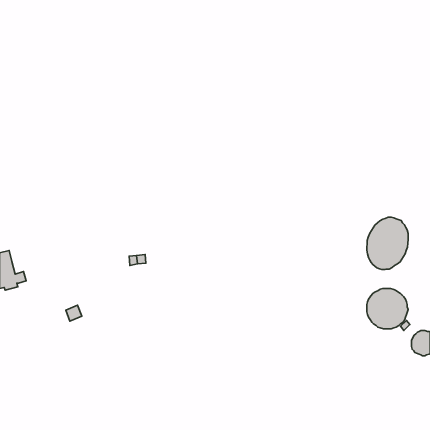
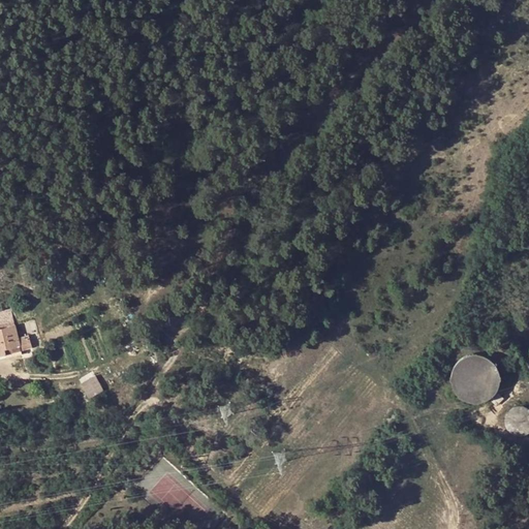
building: [367,217,408,270] -> none

